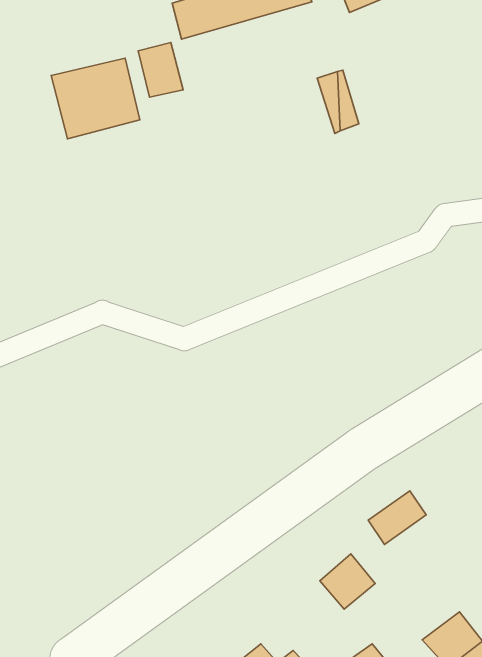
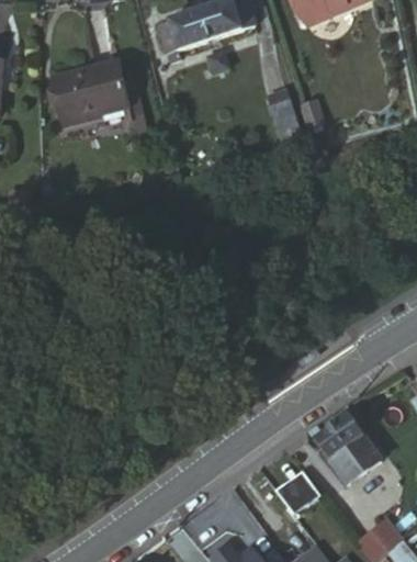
building: [138,42,183,97] -> none
building: none -> [327,436,380,487]

